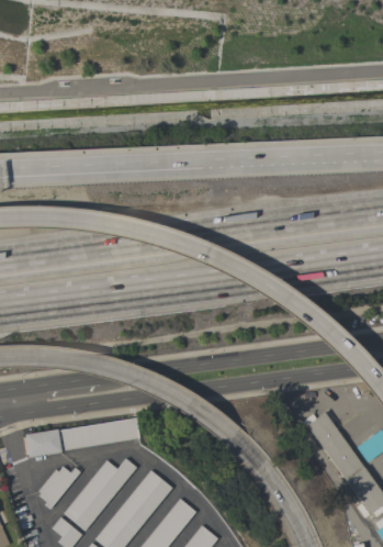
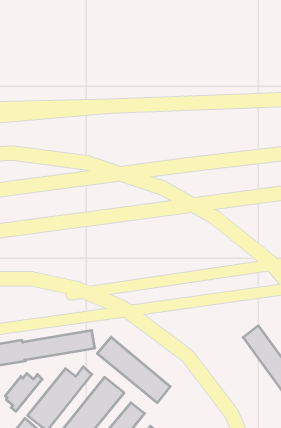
building: none -> [97,337,170,403]

